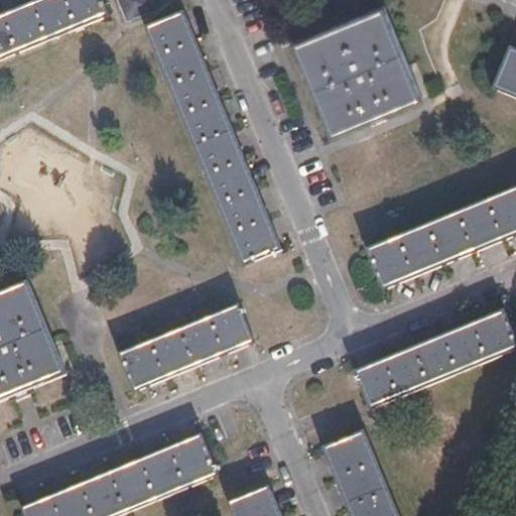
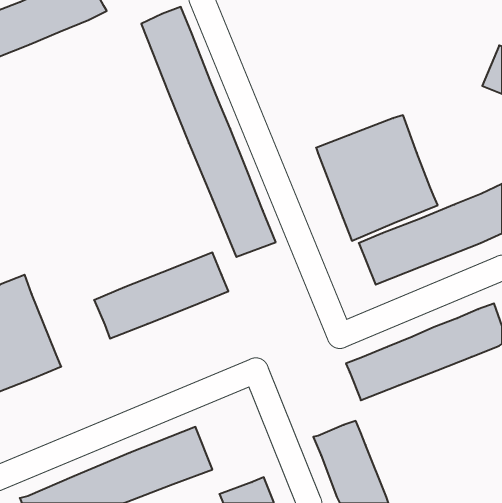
building: [295,4,419,132] -> [316,115,438,241]
building: [116,305,253,393] -> [94,253,228,339]

